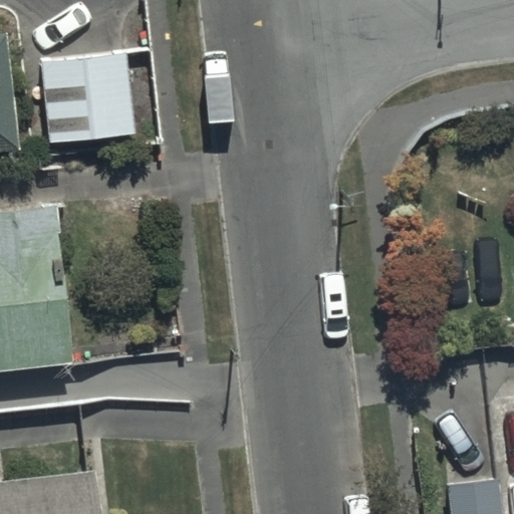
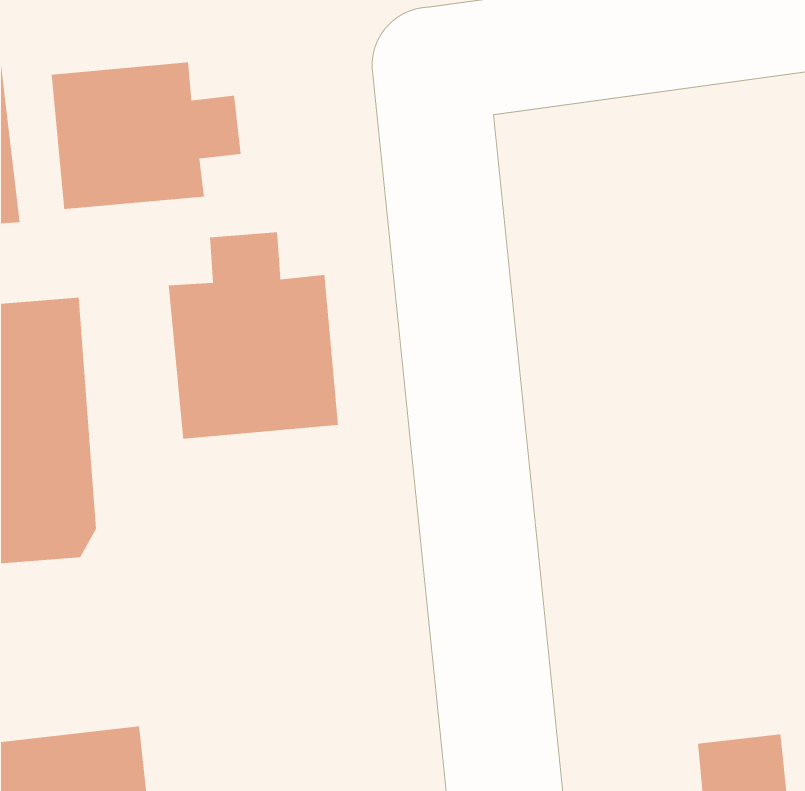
building: none -> [168,232,339,439]

